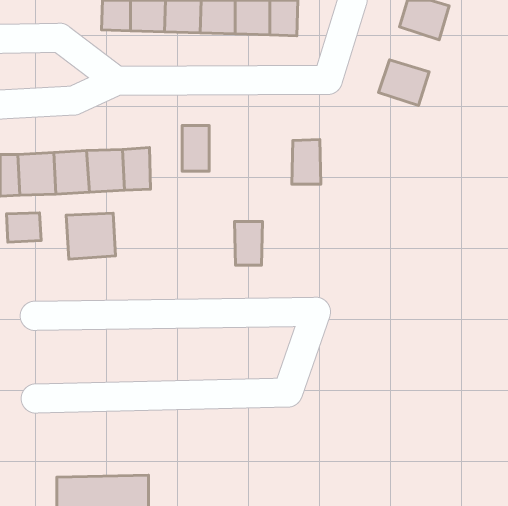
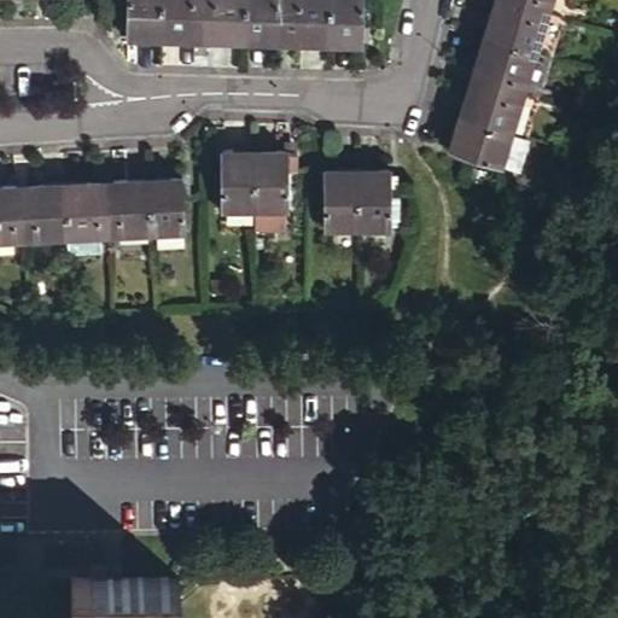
building: none -> [473,36,534,91]
building: none -> [449,116,508,167]
building: none -> [255,156,287,211]
building: [6,213,41,242] -> none
building: [66,213,116,259] -> none
building: [234,221,262,265] -> [322,174,356,227]

